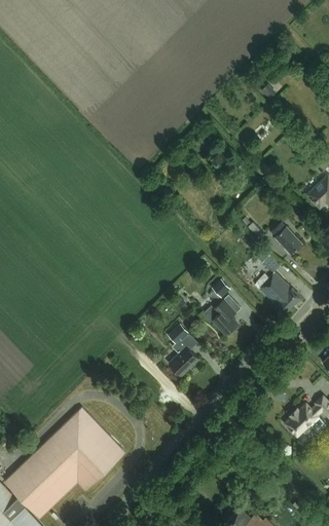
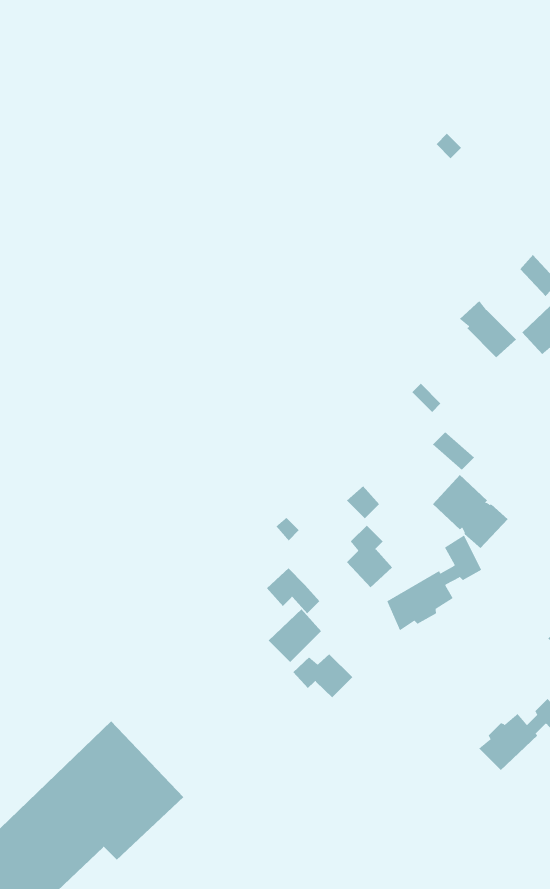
building: [270,223,302,255] -> [459,300,517,358]
building: none -> [386,534,482,631]
building: none -> [292,653,353,698]

